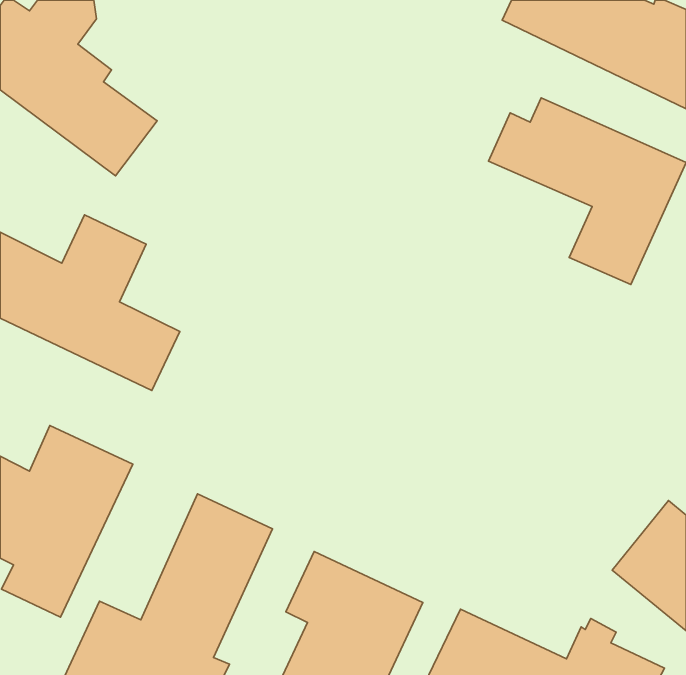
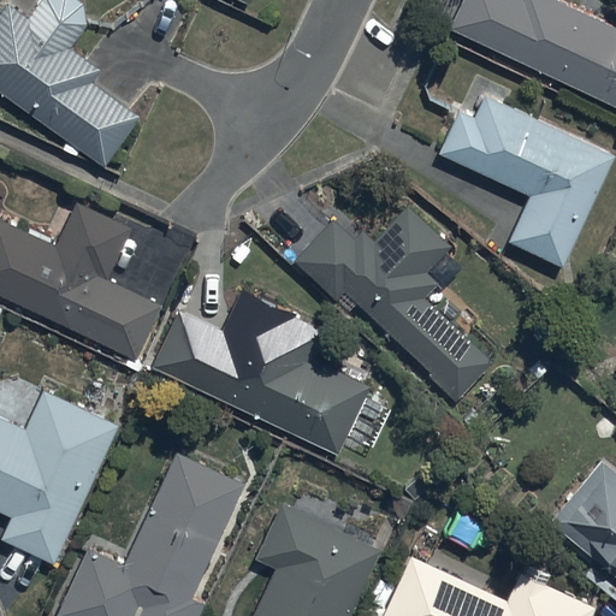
building: none -> [292,207,492,398]
building: none -> [153,288,371,455]

